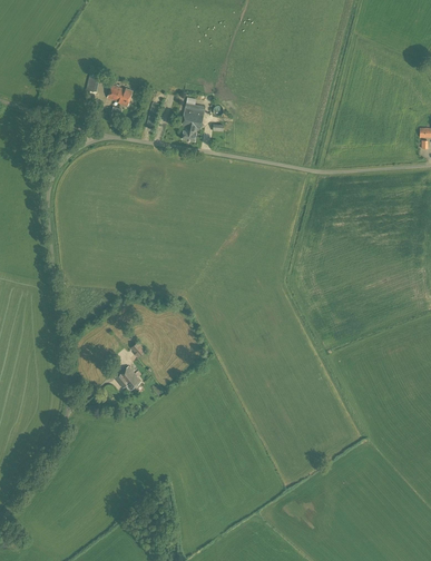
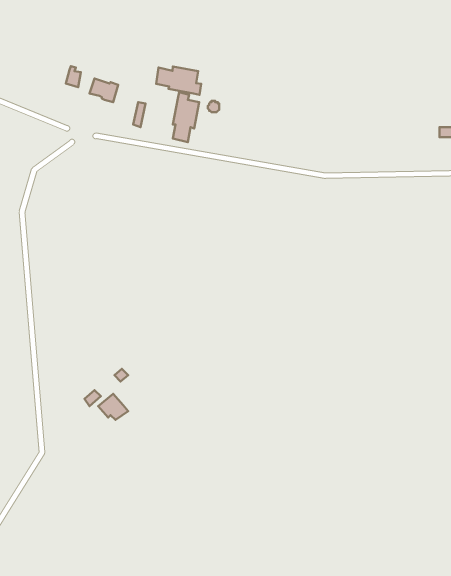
building: none -> [156,67,201,95]

